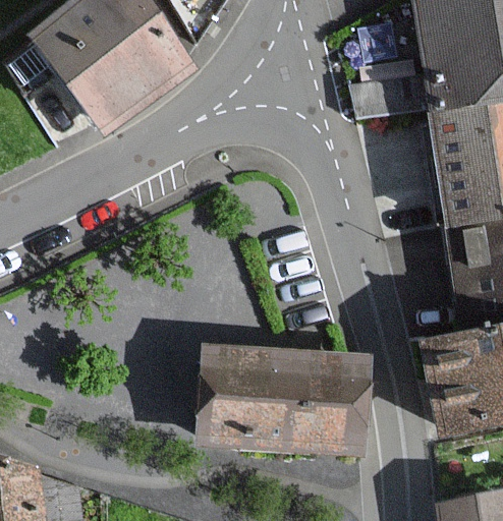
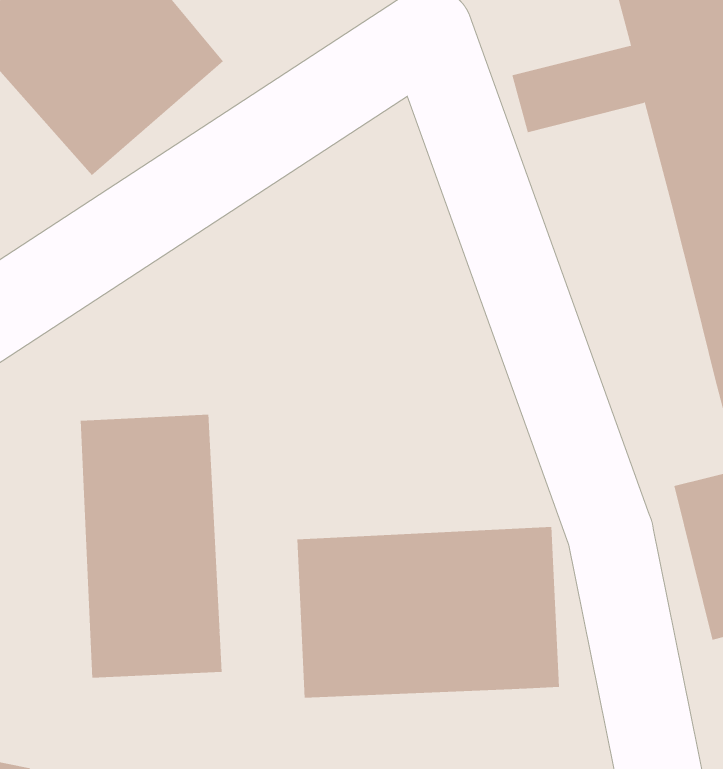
building: none -> [80,414,222,679]

